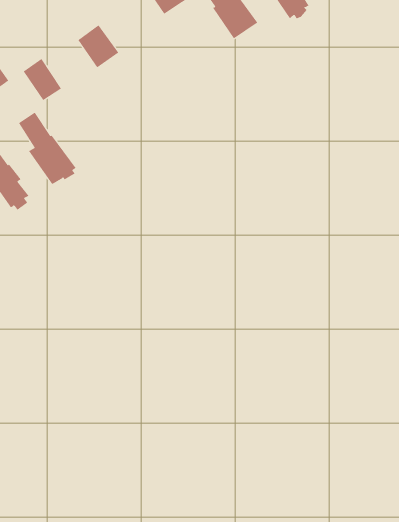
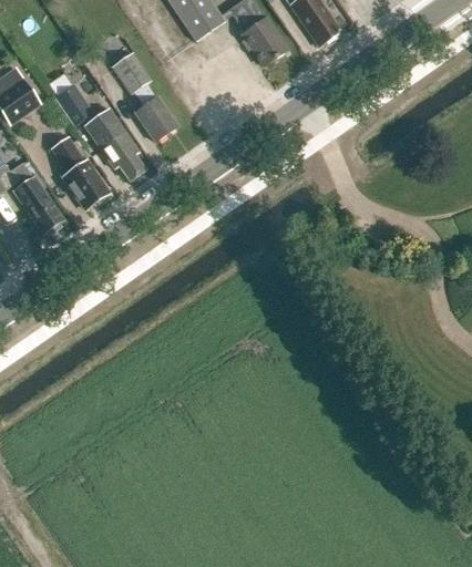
building: none -> [133,82,177,141]
building: none -> [93,106,145,181]

